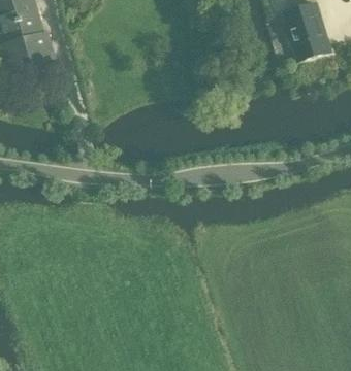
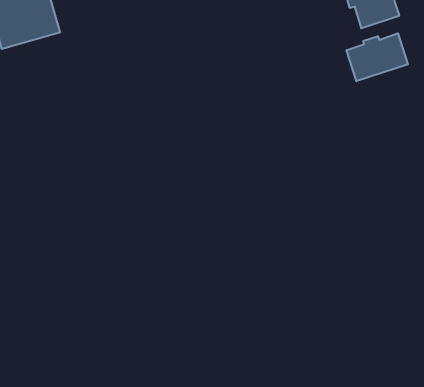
building: none -> [347,33,408,81]

